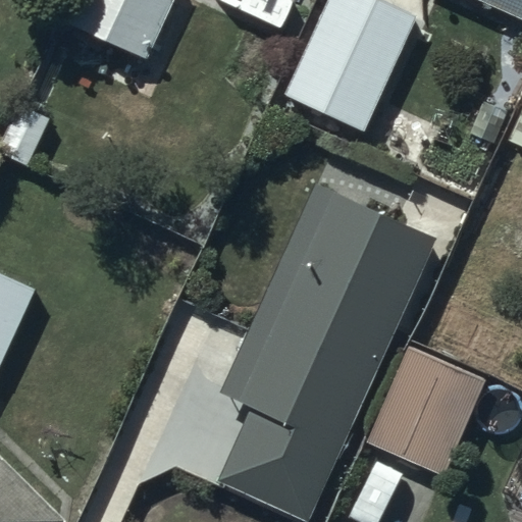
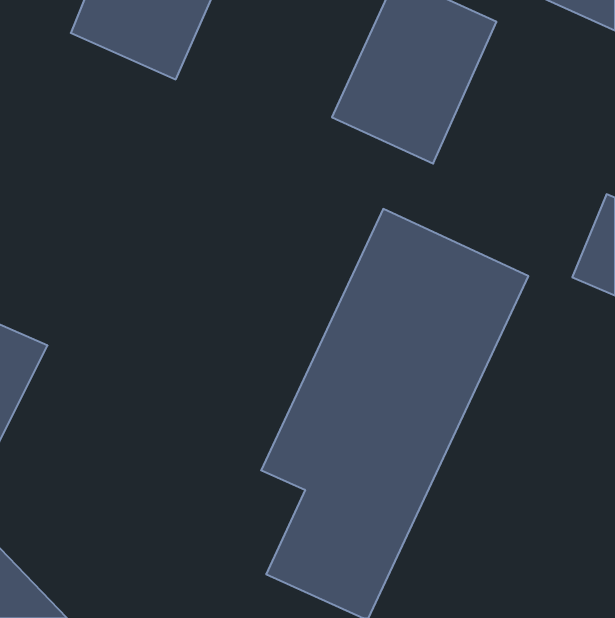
building: [369,347,493,479] -> none

